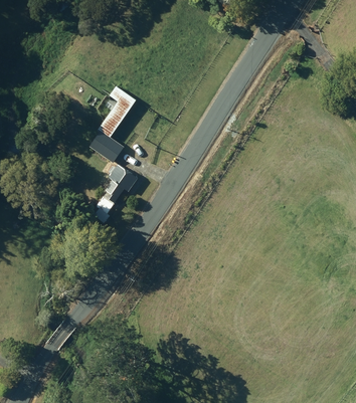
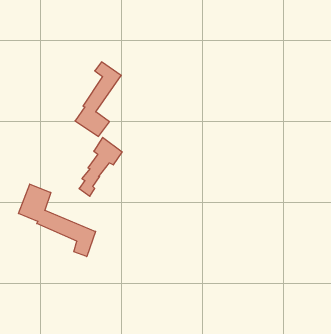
building: none -> [19,184,96,257]

